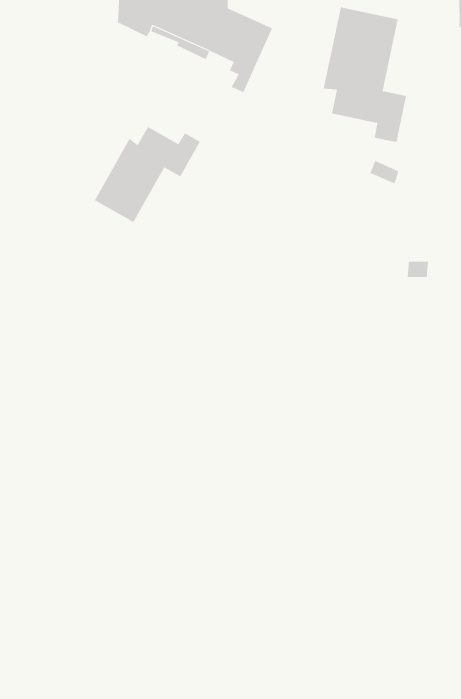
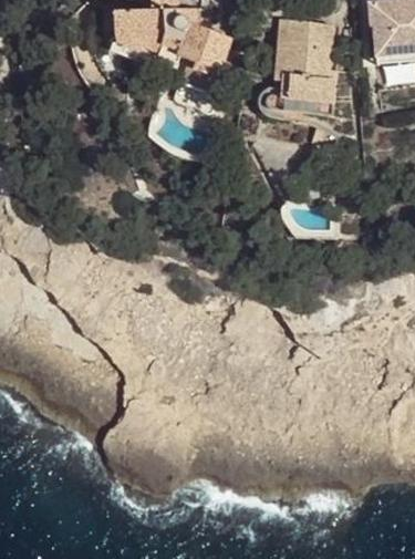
building: [94,126,201,223] -> none

